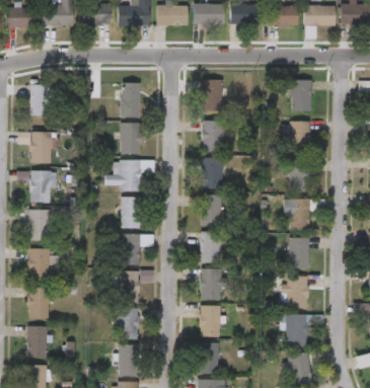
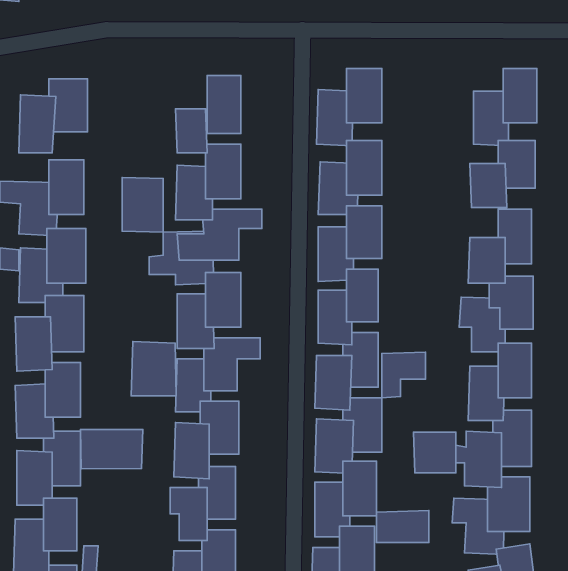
building: none -> [122,177,163,232]
building: none -> [131,342,176,396]
building: none -> [382,352,425,398]
building: none -> [80,429,143,469]
building: none -> [414,432,456,473]
building: none -> [376,511,429,542]

